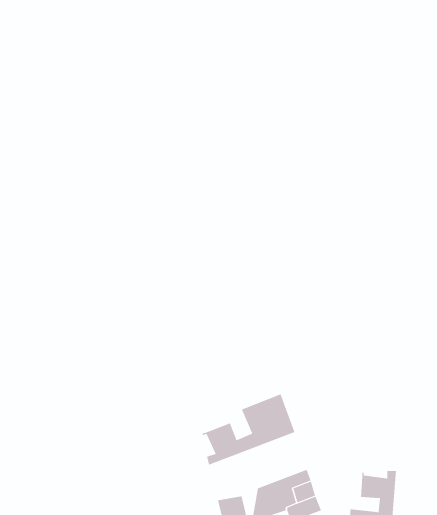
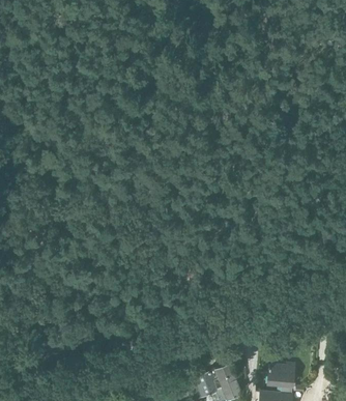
building: [202,394,295,466] -> none

